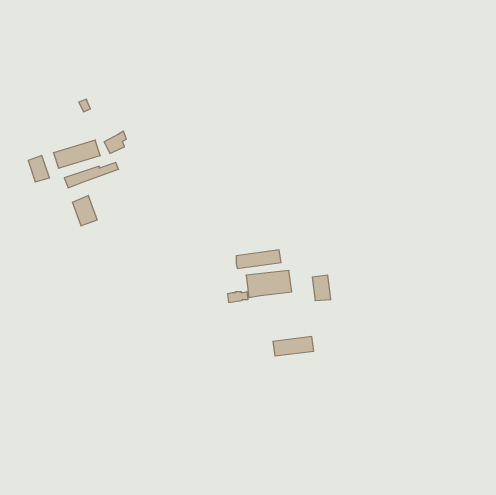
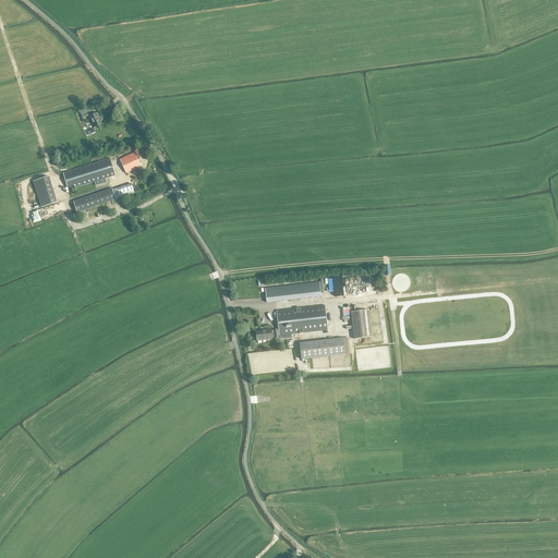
building: [73,195,97,226] -> none
building: [273,337,314,356] -> [299,336,344,357]

